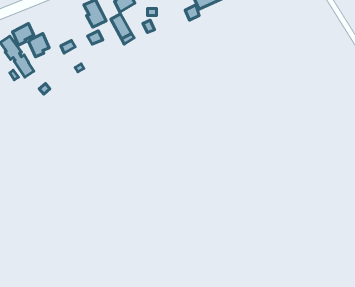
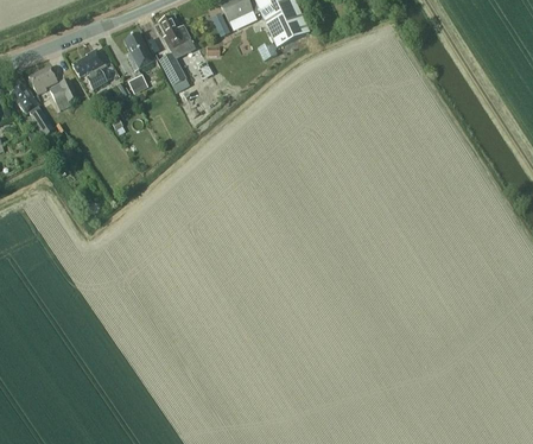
building: none -> [72,49,107,89]

